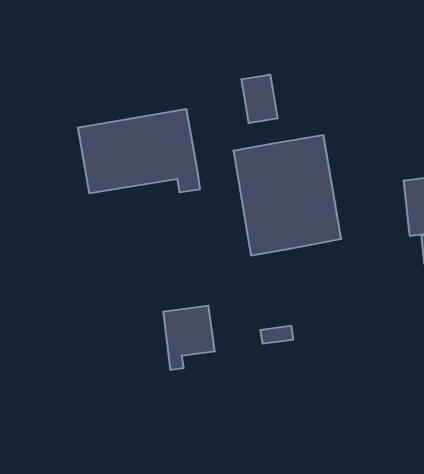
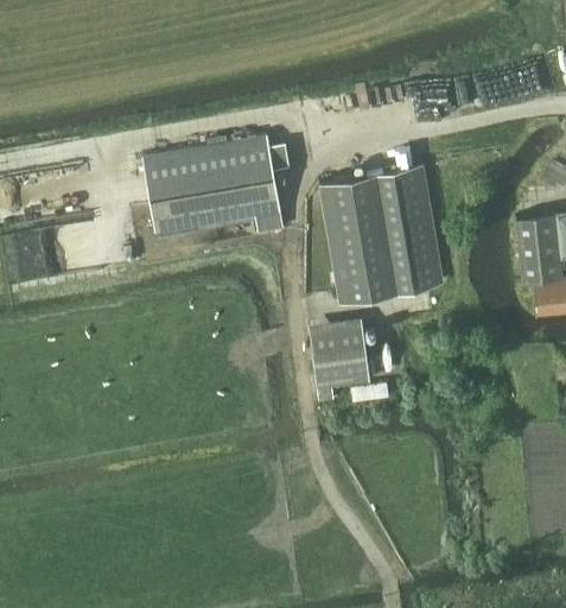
building: [241,74,278,123] -> none
building: [163,306,215,370] -> [311,330,370,404]

